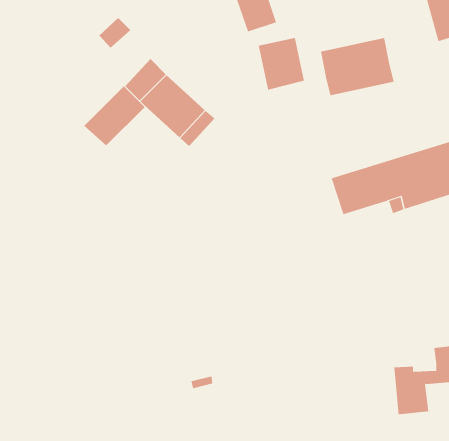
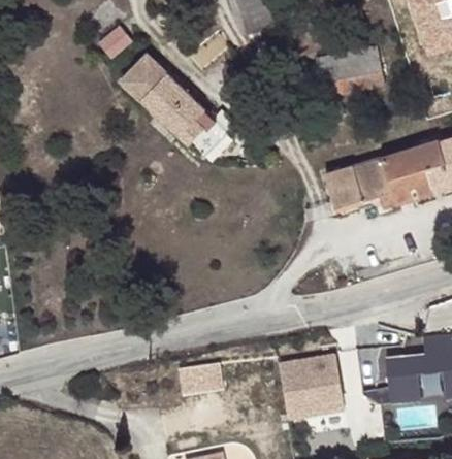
building: [258,37,305,91] -> none
building: [83,86,145,146] -> none
building: none -> [283,355,350,419]

